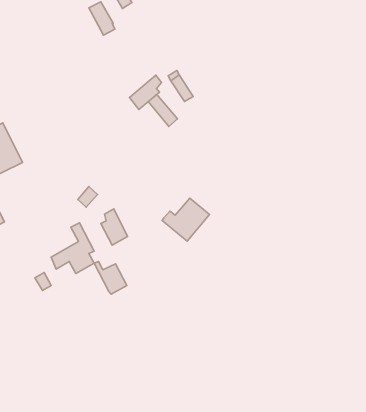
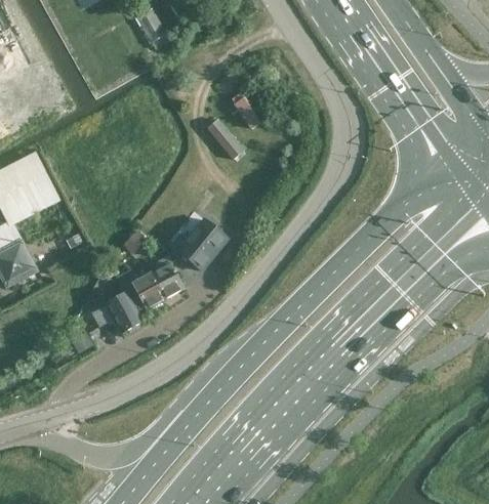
building: [130,75,161,109] -> none
building: [162,198,210,241] -> [170,218,227,269]
building: [94,261,127,294] -> [125,269,164,308]

